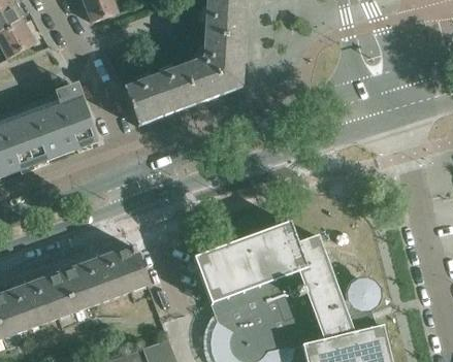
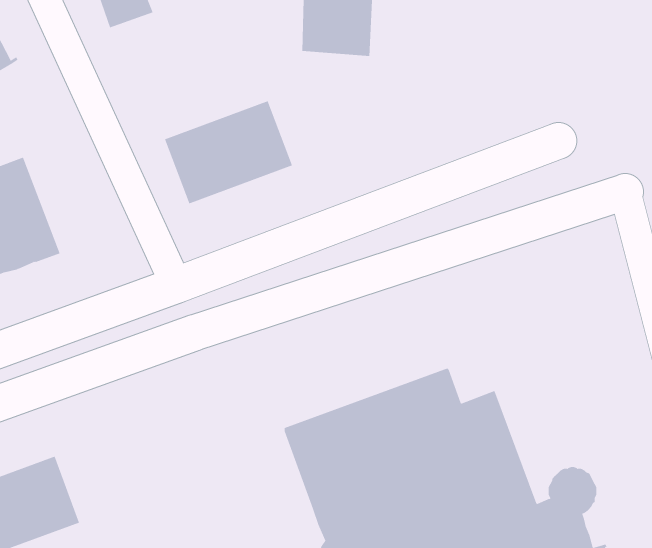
building: [184,36,244,103] -> none
building: [40,85,96,155] -> none
building: [59,245,147,312] -> none

